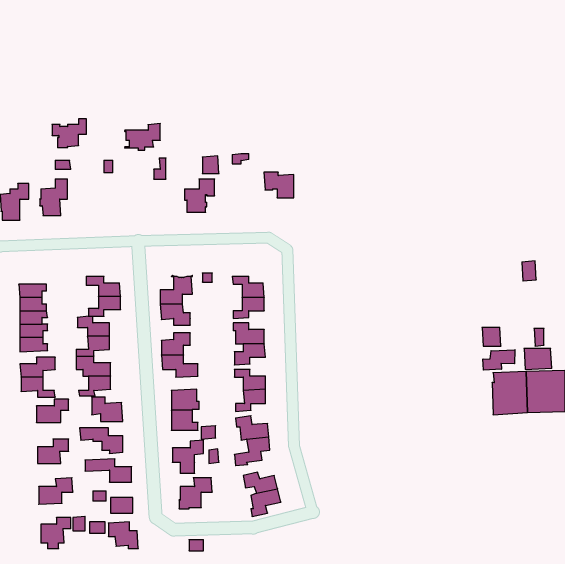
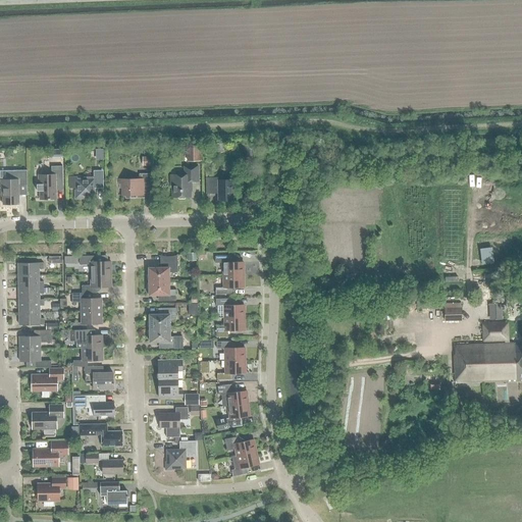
building: [52,119,86,148] -> [69,171,101,198]
building: [125,124,160,150] -> [117,172,150,197]
building: [264,172,294,198] -> [205,176,232,200]
building: [483,350,515,370] -> none

